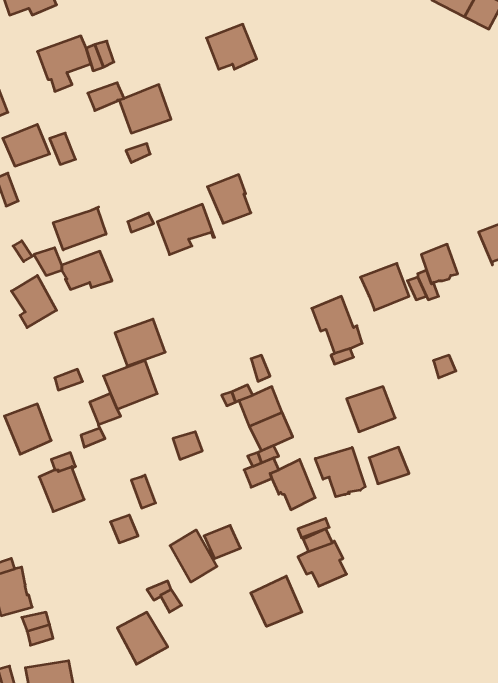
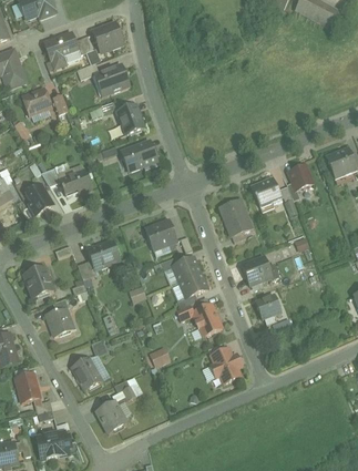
building: [206,24,257,69] -> [91,20,123,49]
building: [207,175,251,223] -> [115,102,143,133]
building: [53,207,106,250] -> none
building: [115,319,165,366] -> [144,218,176,248]
building: [315,447,365,497] -> none
building: [170,530,217,582] -> [71,356,101,389]
building: [251,576,302,626] -> none

